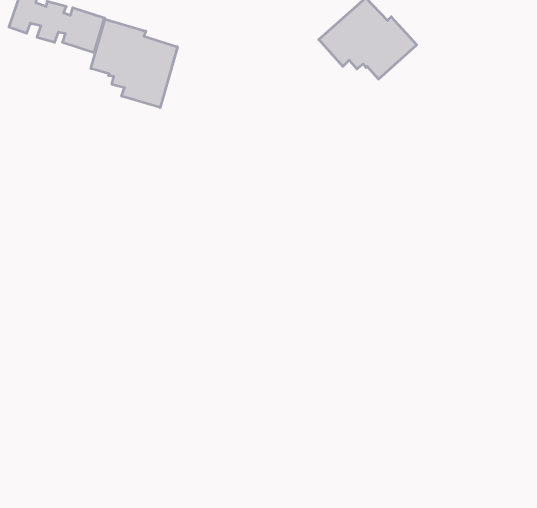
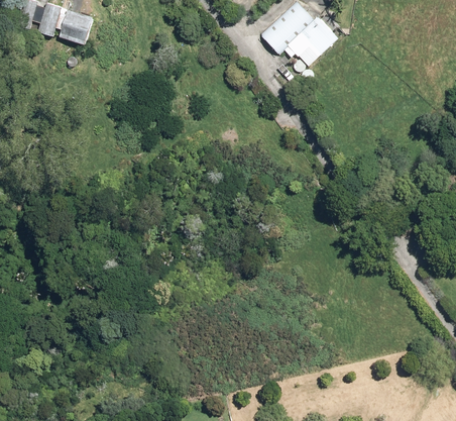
building: [91,19,177,108] -> none

